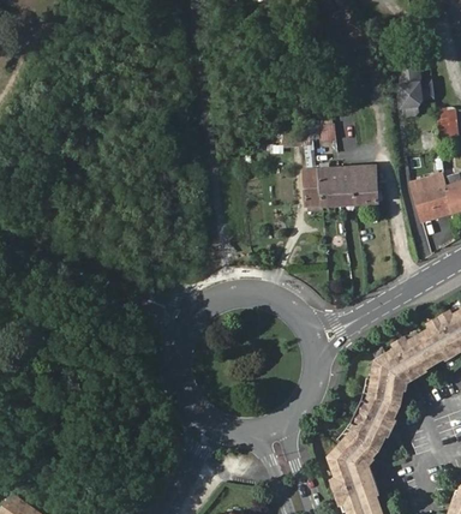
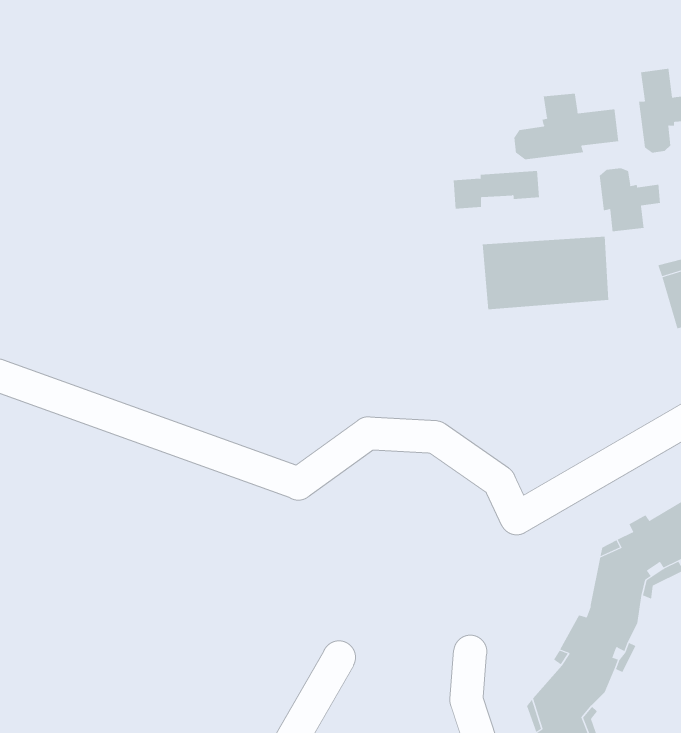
building: none -> [514,93,619,160]
building: none -> [599,168,660,232]

